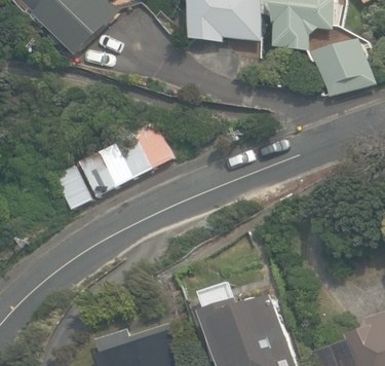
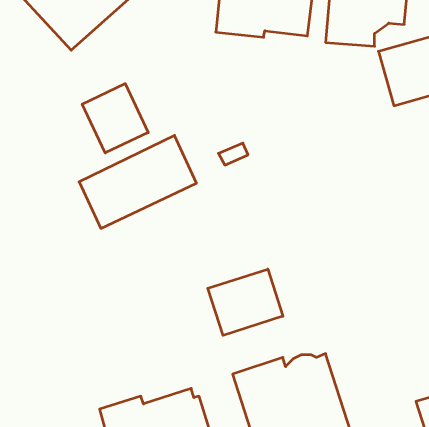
building: none -> [82,84,148,153]
building: none -> [208,269,283,335]

